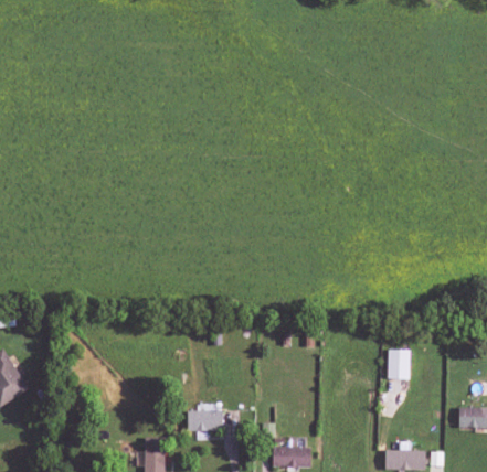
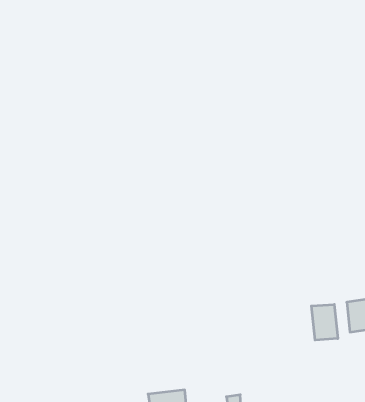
building: none -> [311,304,338,340]

